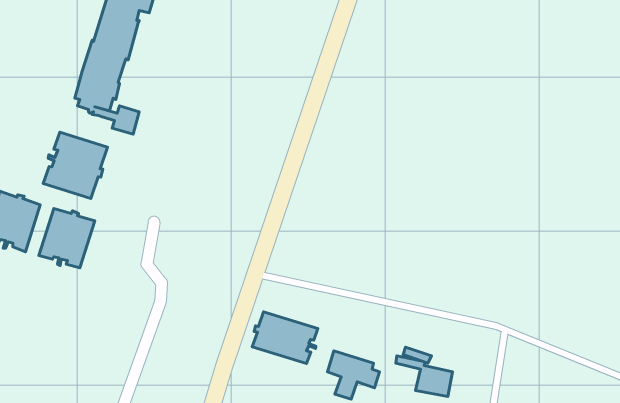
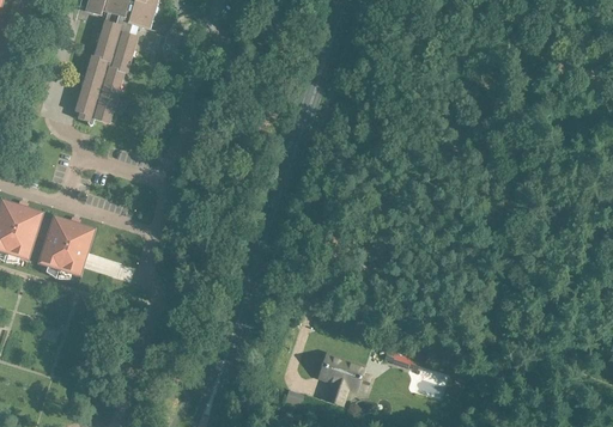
building: [43,132,107,198] -> none
building: [252,312,318,363] -> none

